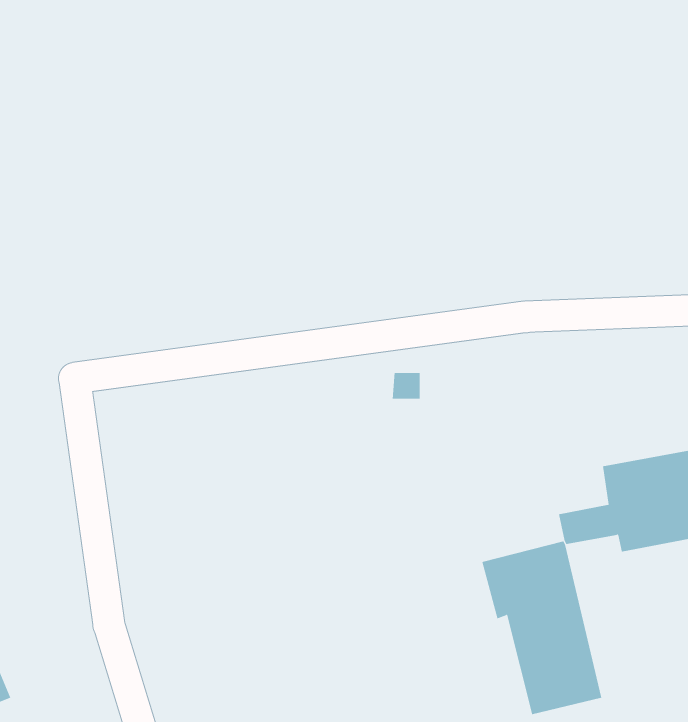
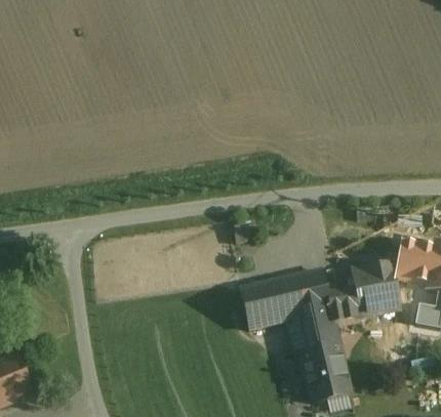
building: none -> [242,268,331,328]

